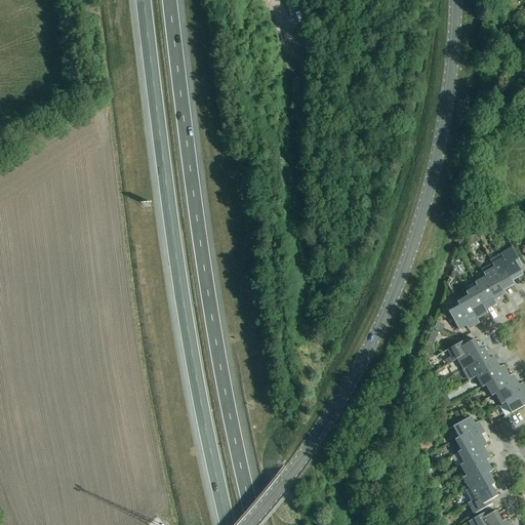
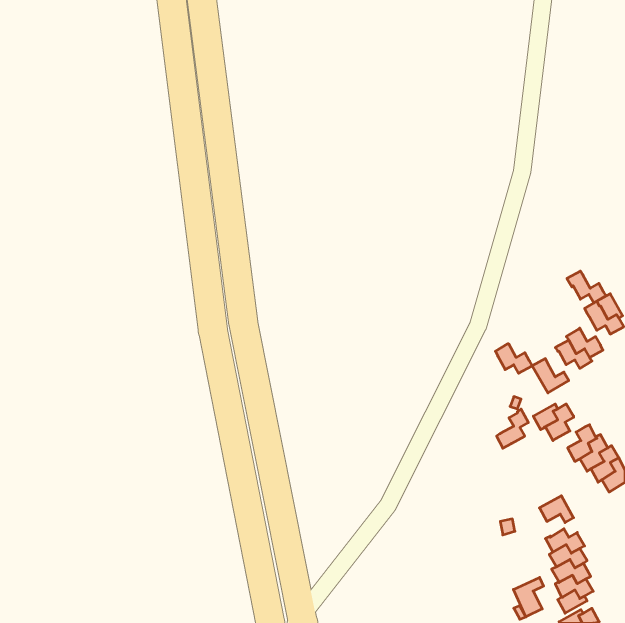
building: [481,262,514,289] -> [567,271,606,303]
building: [457,294,488,319] -> [495,344,532,373]
building: [463,347,490,379] -> [497,409,528,448]
building: [451,431,487,451] -> none
building: none -> [513,577,544,617]

